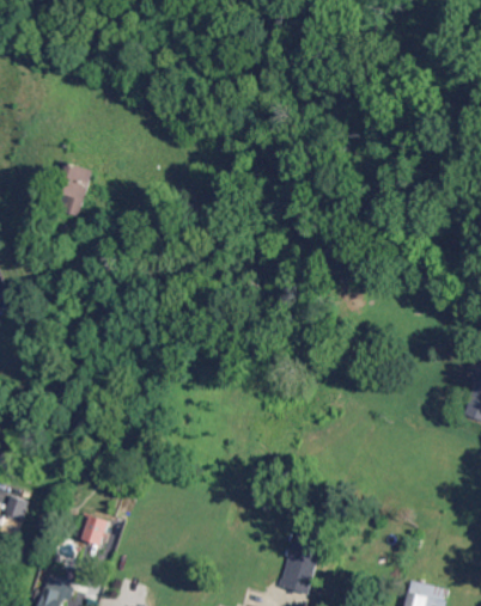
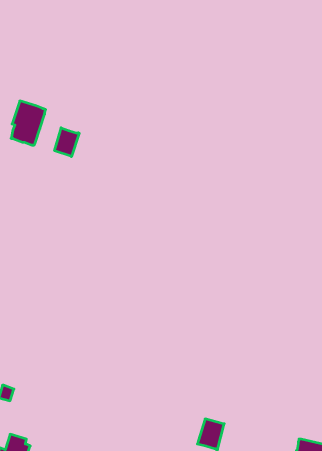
building: none -> [55,128,79,157]
building: [74,514,109,547] -> none

